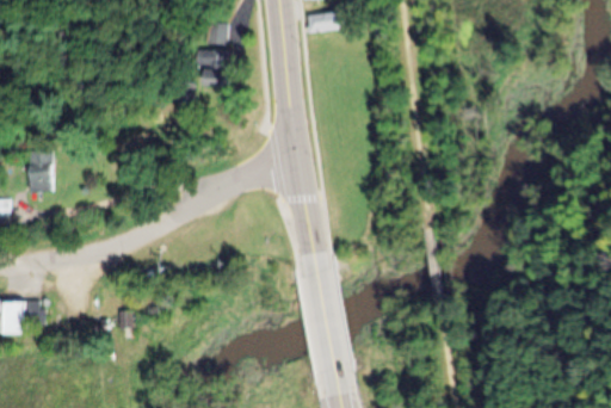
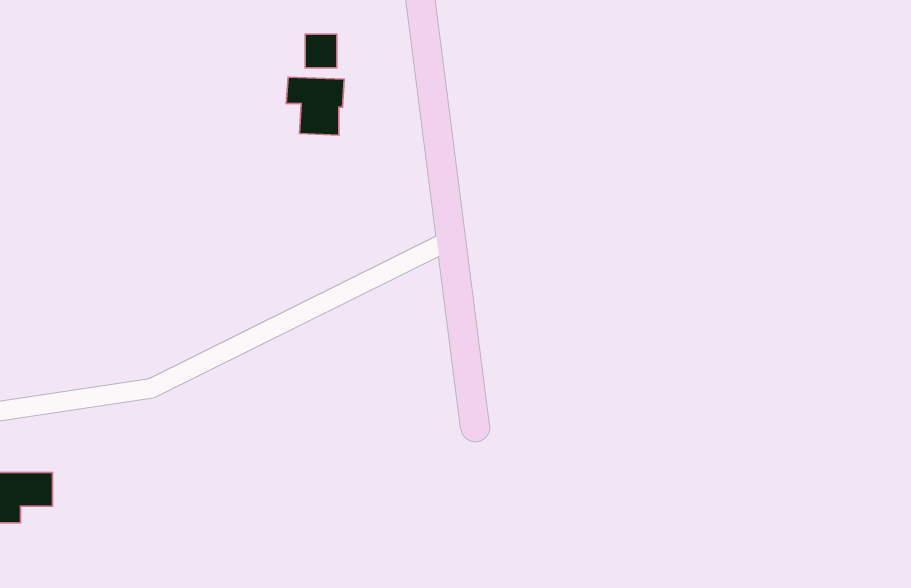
building: [308,13,342,31] -> none
building: [25,150,48,192] -> none

